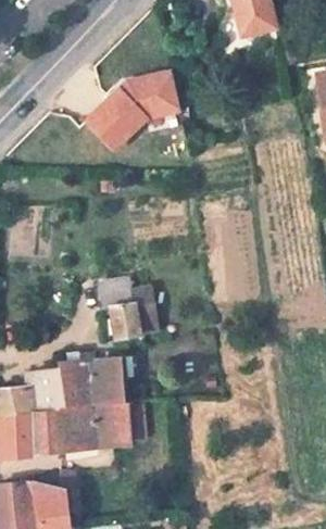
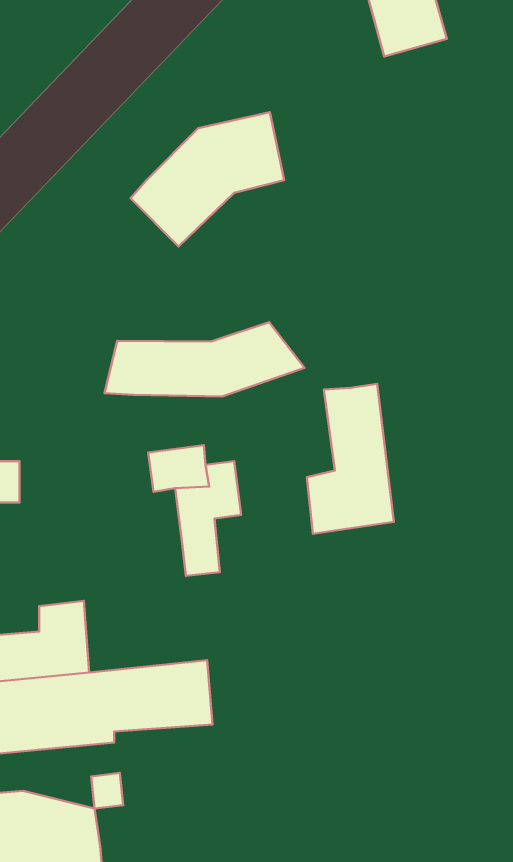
building: none -> [105,322,304,396]
building: none -> [307,384,394,534]
building: [54,350,141,411] -> none

